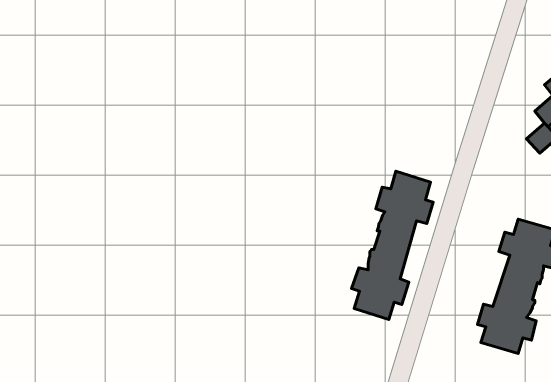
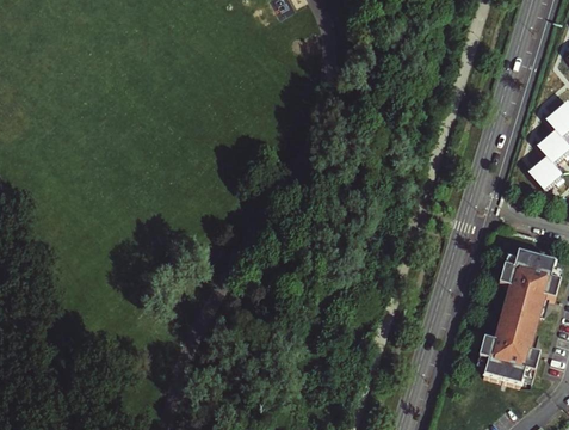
building: [352,171,433,320] -> none

